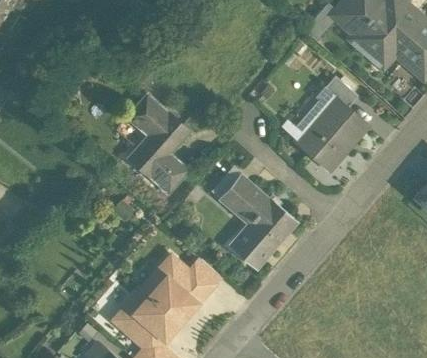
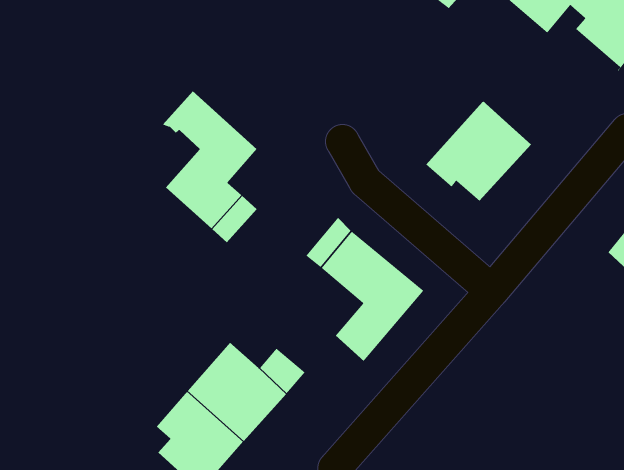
building: [324,77,358,109] -> none

